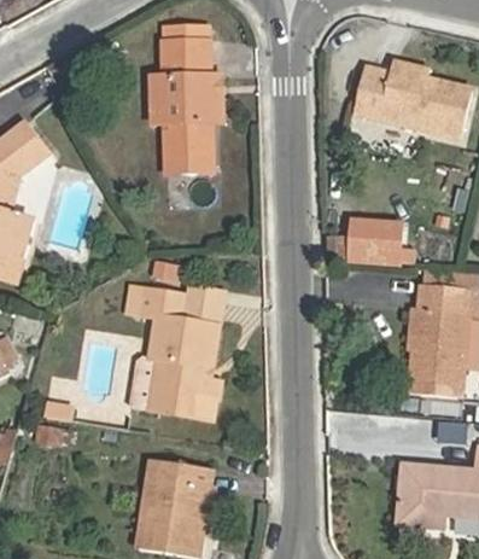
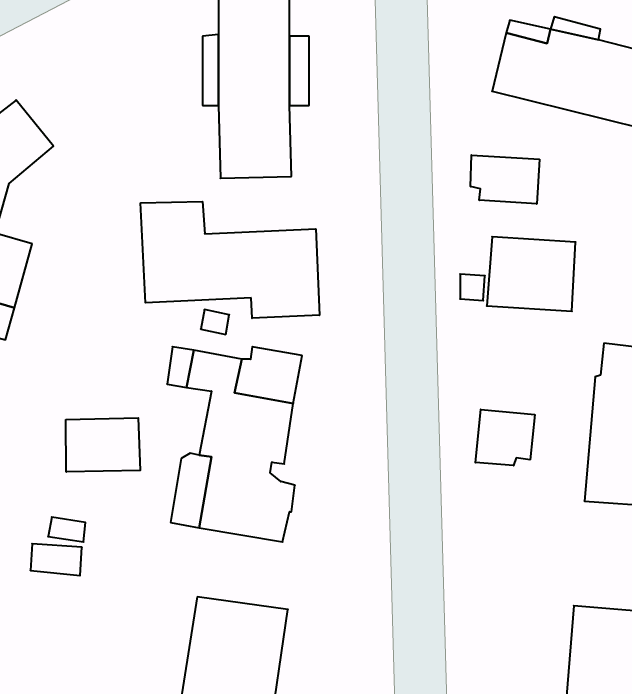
building: none -> [471,155,539,204]
building: none -> [141,202,319,318]
building: none -> [475,409,535,466]
building: none -> [66,418,140,472]

